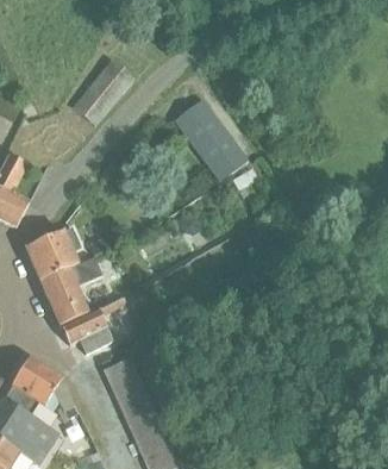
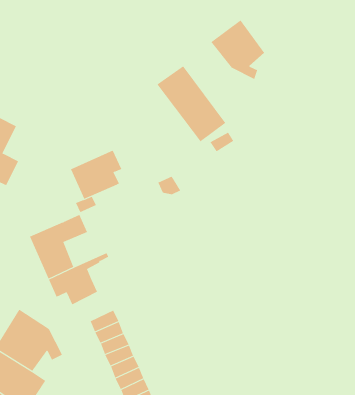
building: none -> [211,20,265,80]
building: [73,60,132,124] -> none
building: [25,227,80,280] -> [70,150,122,199]

